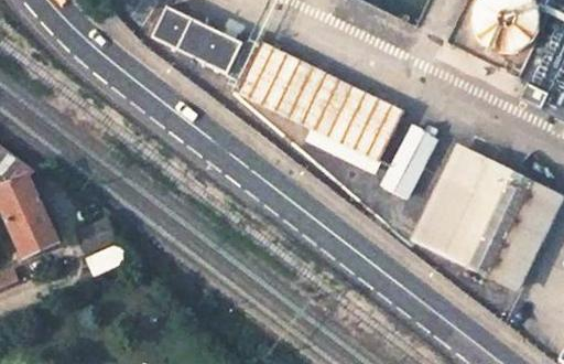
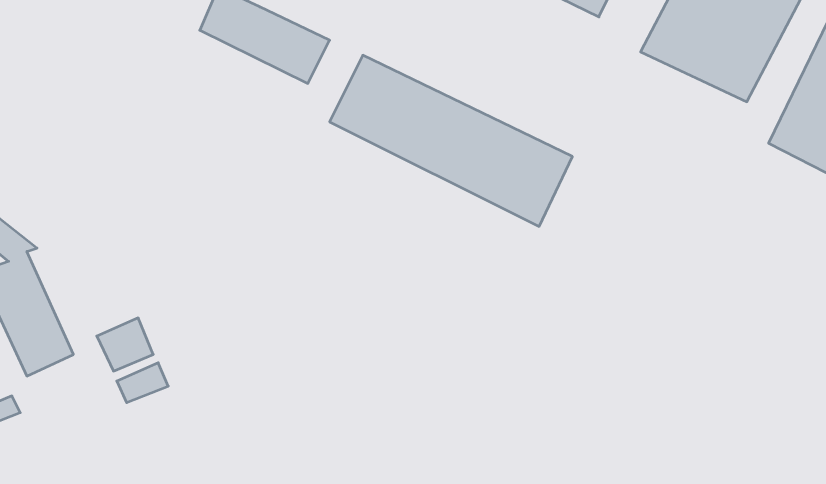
building: [381,121,444,199] -> none
building: [408,148,551,286] -> none

